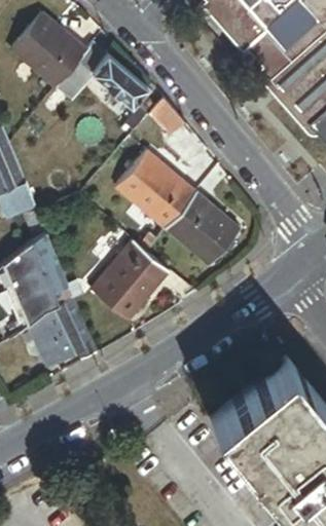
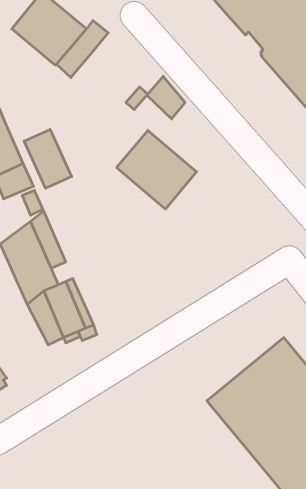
building: [93,53,146,105] -> none
building: none -> [24,129,72,188]
building: [165,191,241,265] -> none
building: [90,239,168,318] -> none

